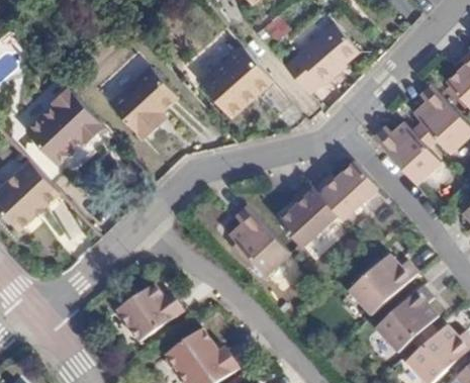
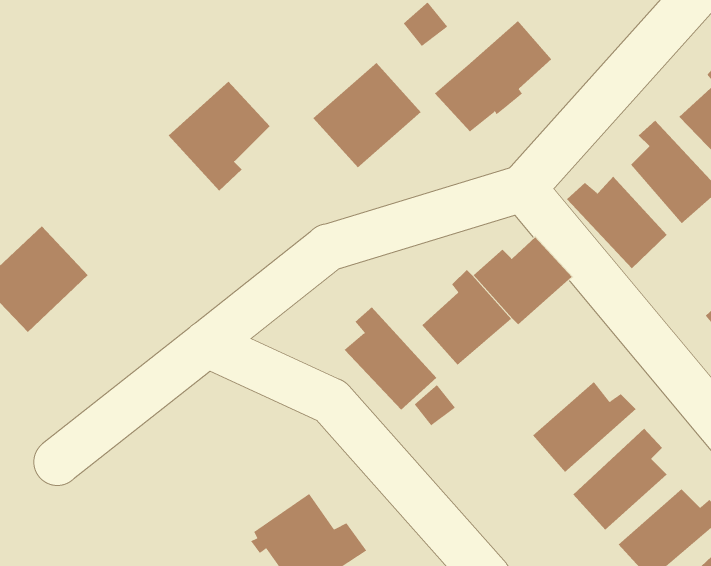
building: [26,83,103,159] -> none
building: [119,286,186,343] -> none

